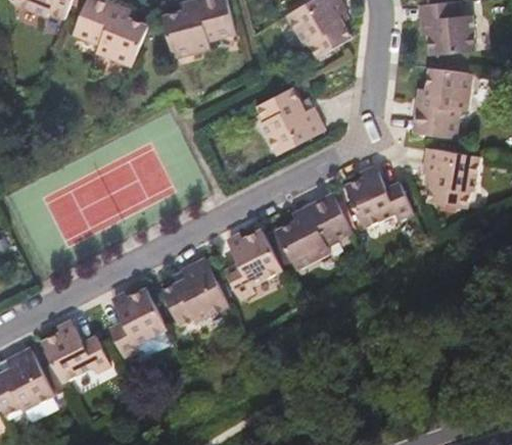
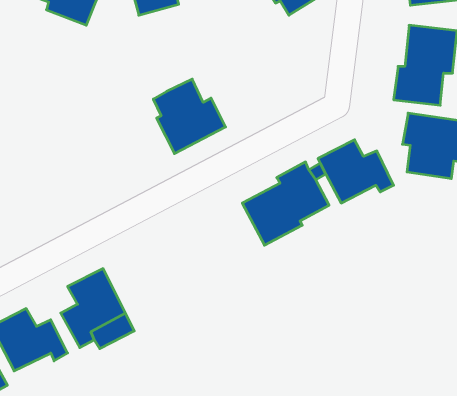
building: [257,87,323,155] -> [153,79,226,154]
building: [222,229,280,300] -> none
building: [162,259,229,327] -> none

